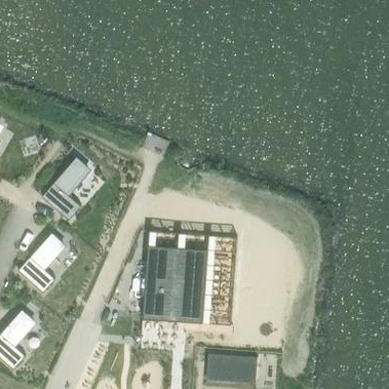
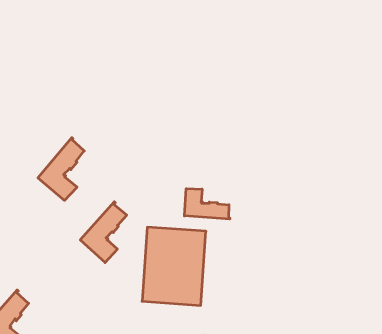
building: none -> [184,189,230,219]
building: [18,232,65,293] -> [80,202,127,263]

